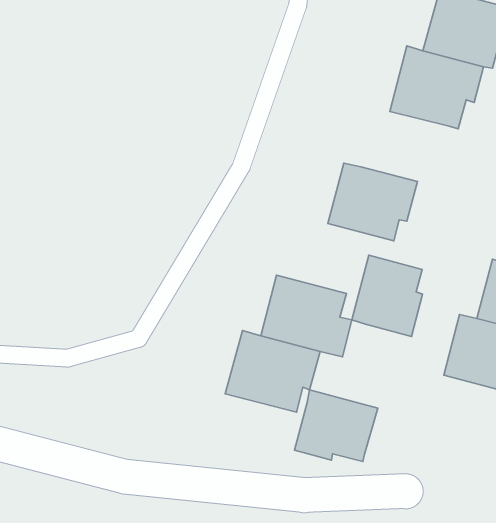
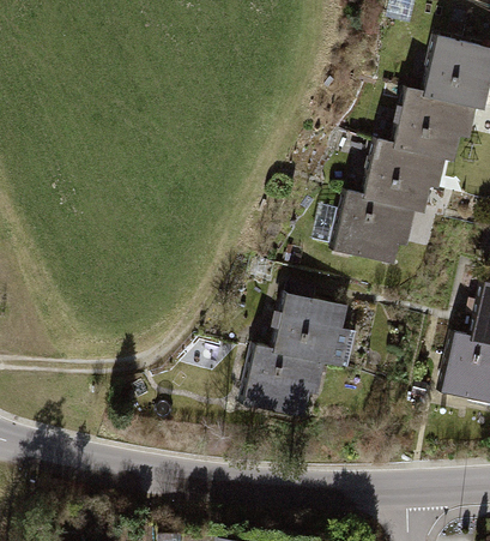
building: none -> [364,142,444,211]
building: [352,255,422,336] -> none
building: [295,390,378,462] -> none

